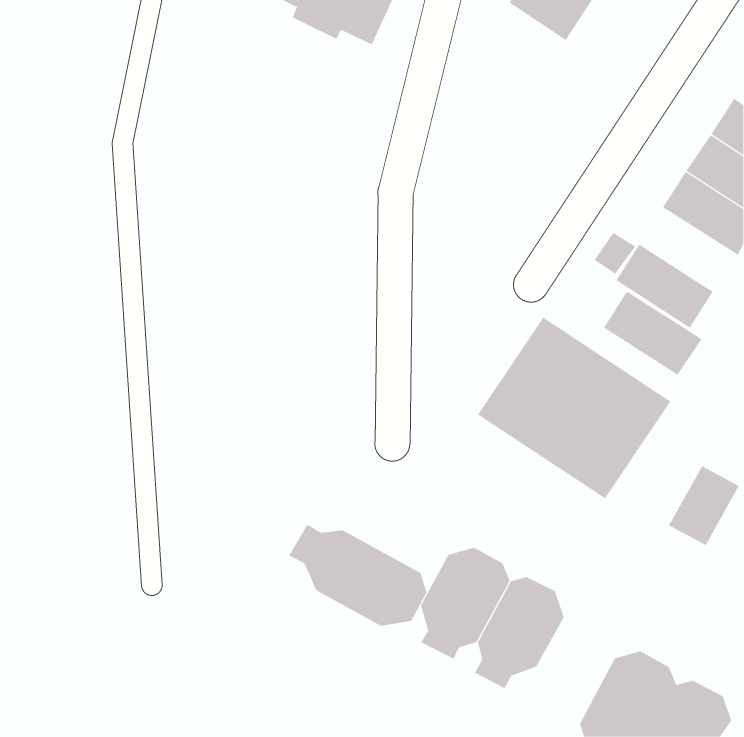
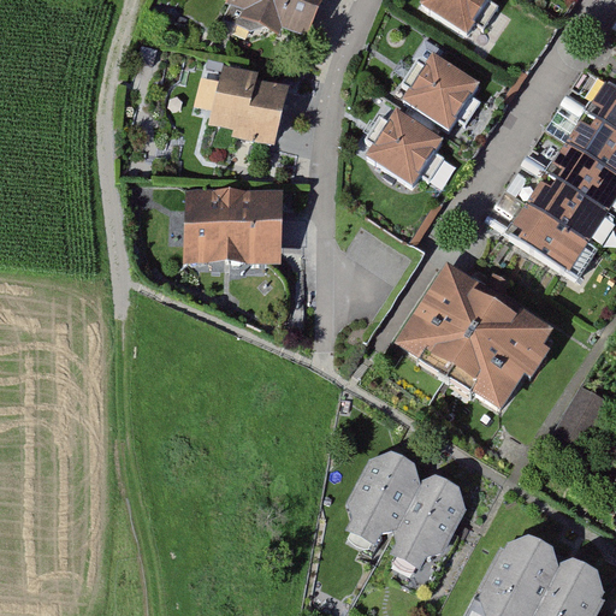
building: none -> [401,52,480,130]
building: none -> [197,64,289,147]
building: none -> [366,108,443,185]
building: none -> [183,188,283,262]
building: [603,291,703,376] -> [527,171,609,241]
building: [288,524,427,627] -> none

